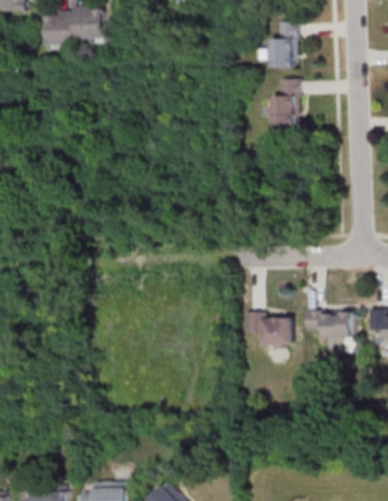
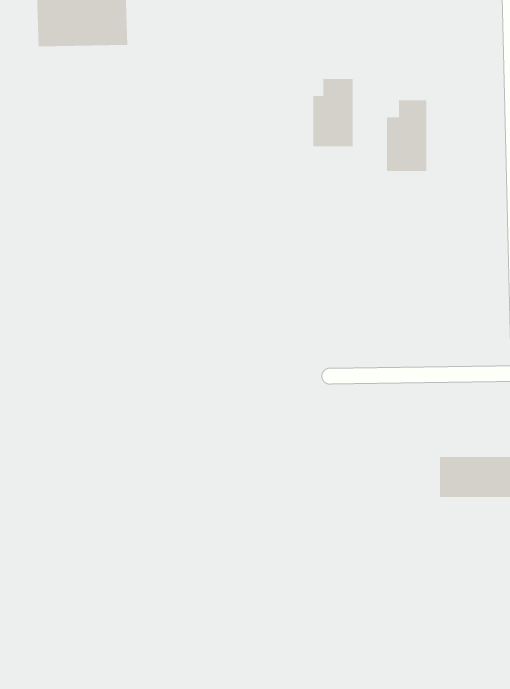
building: [269,22,296,67] -> [312,79,353,147]
building: [244,314,292,345] -> none

